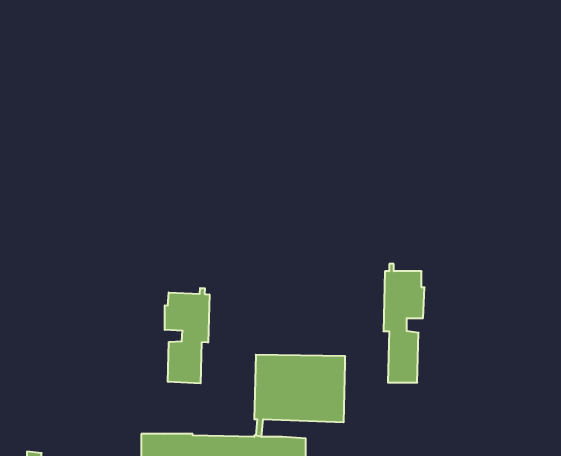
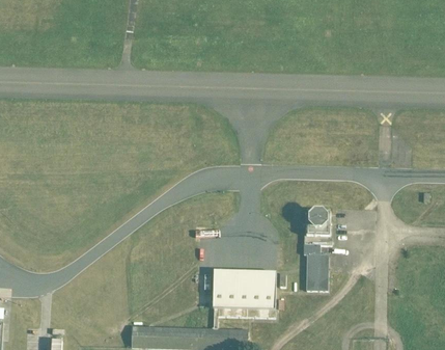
building: [165,288,209,383] -> none

